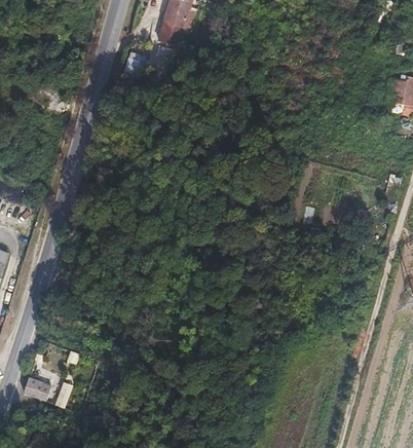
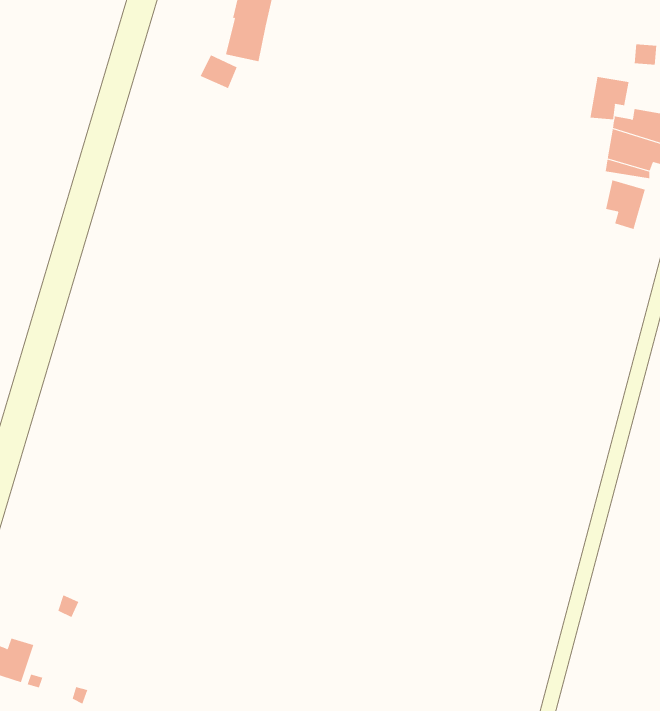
building: none -> [590,76,629,120]
building: none -> [605,179,645,230]

